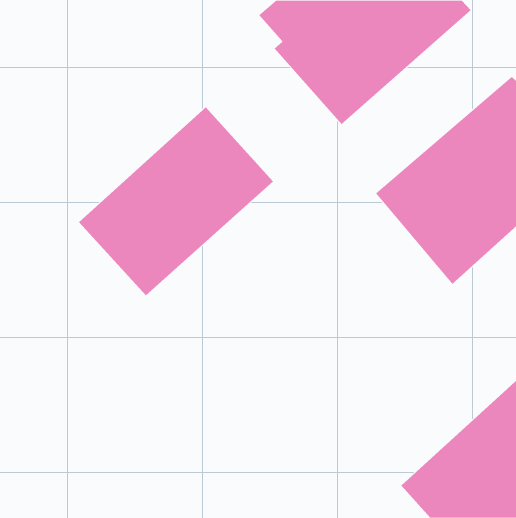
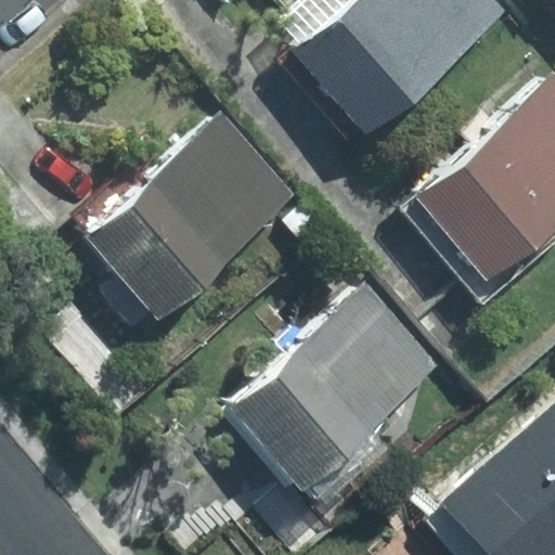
building: none -> [225,287,436,502]

